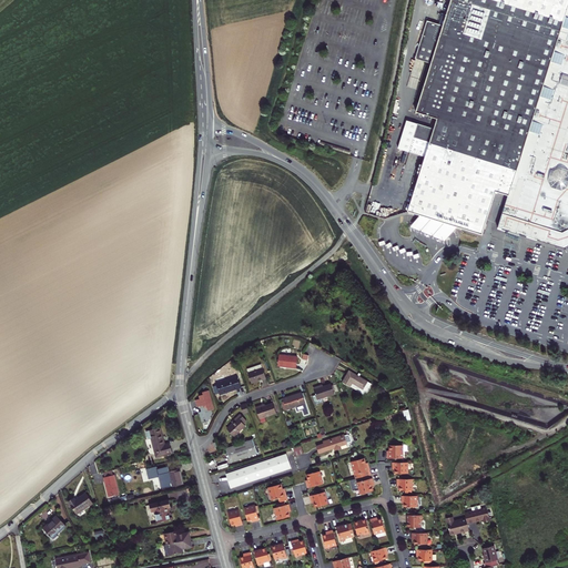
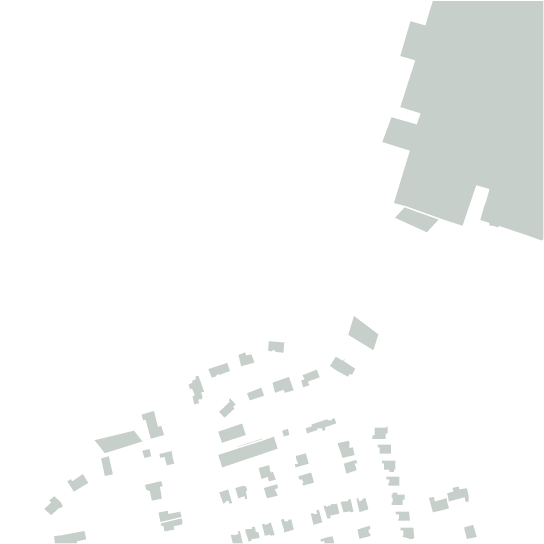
building: none -> [347,315,379,351]
building: none -> [93,430,144,454]

